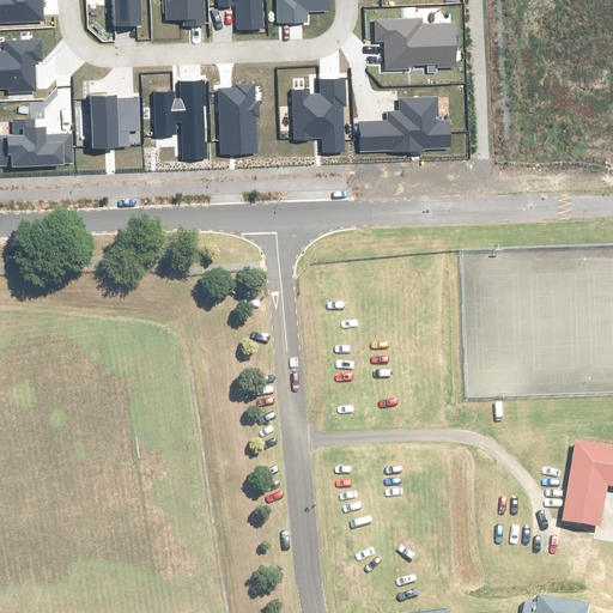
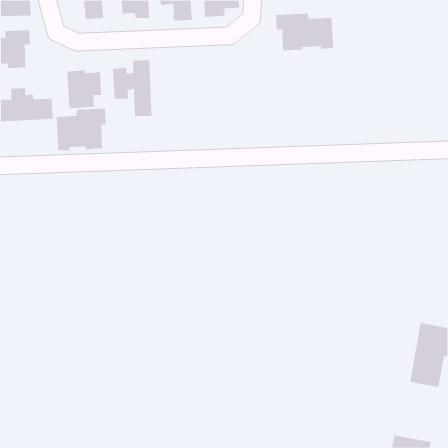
building: [292,78,345,152] -> none
building: [219,84,260,154] -> none
building: [359,98,450,152] -> none
building: none -> [56,108,106,151]

